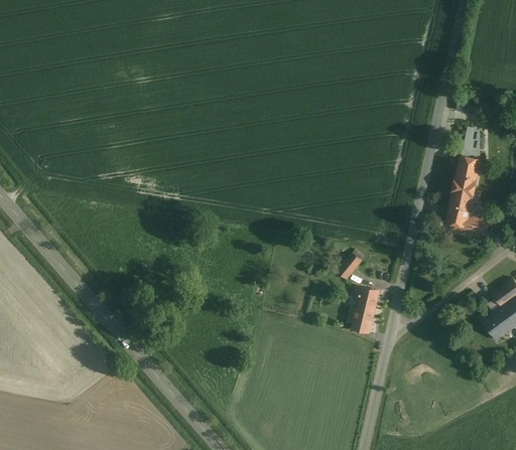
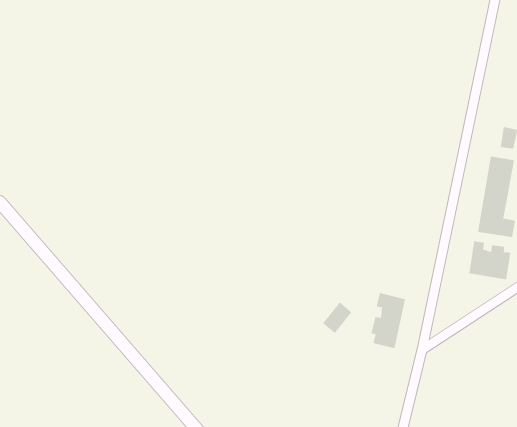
building: none -> [469,241,511,280]
building: [335,251,363,281] -> [322,302,352,334]

